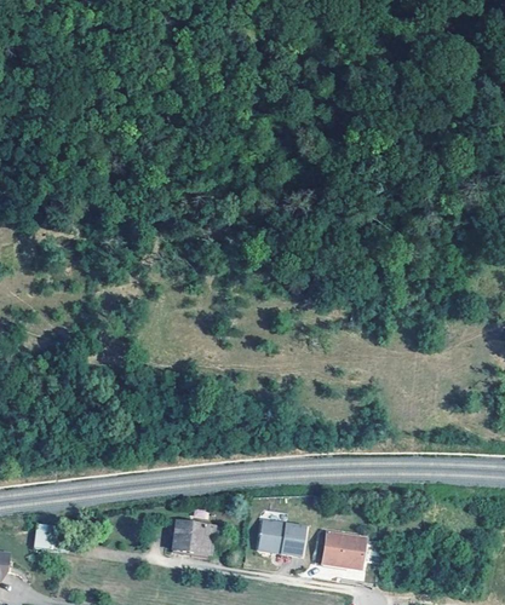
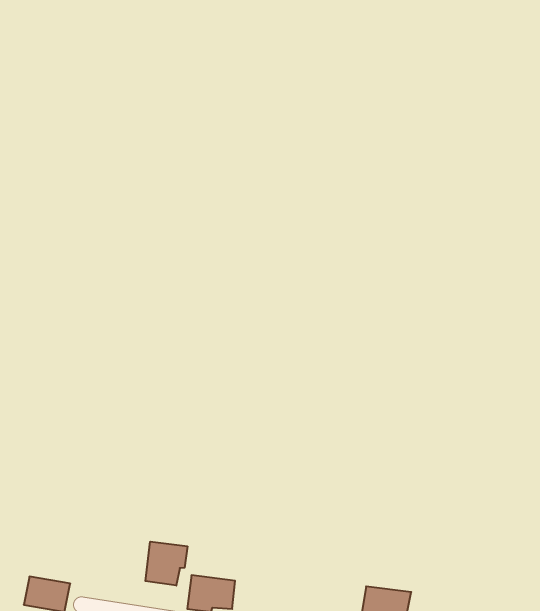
building: none -> [145,542,187,586]
building: [258,508,308,547] -> none

